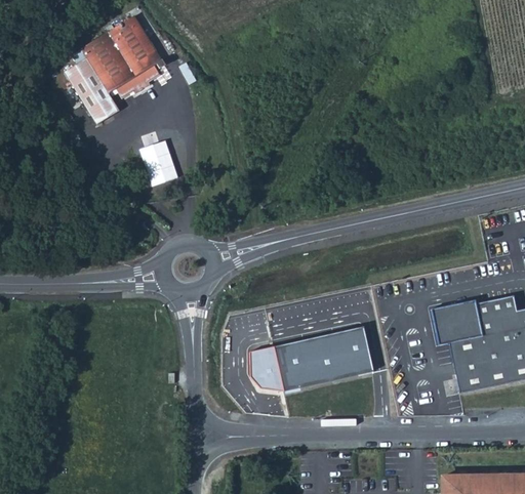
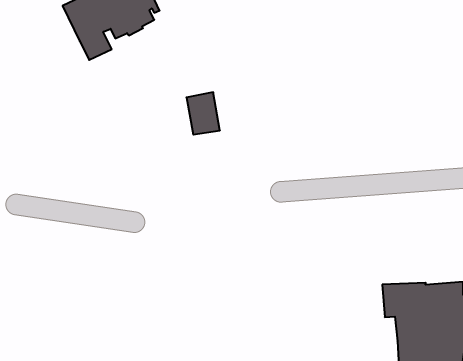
building: [139,139,178,186] -> [186,92,220,135]
building: [250,327,374,389] -> none

